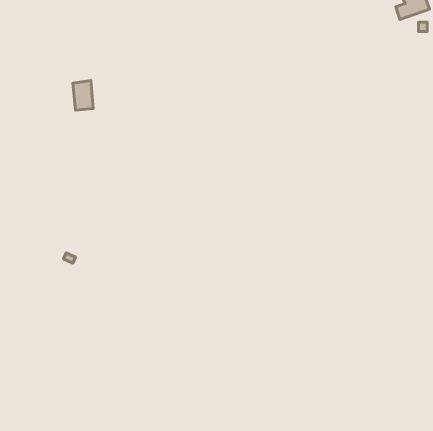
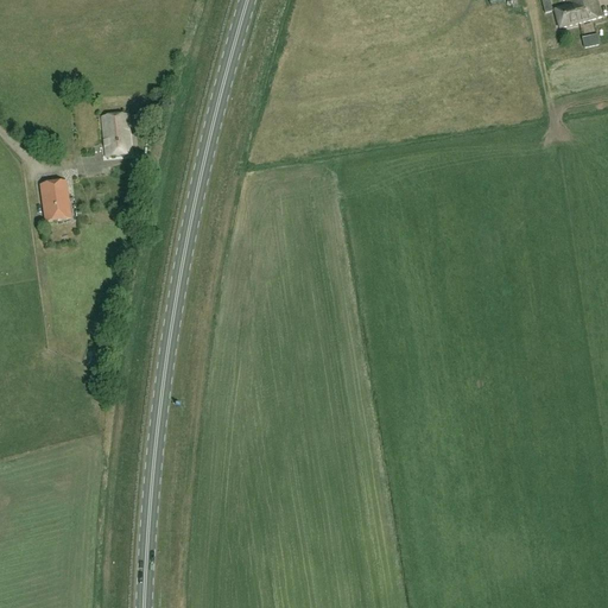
building: none -> [40,178,69,217]

